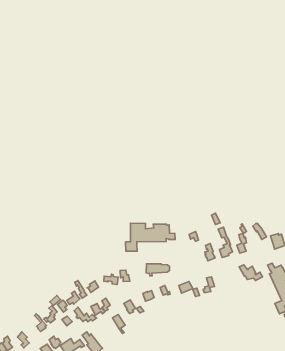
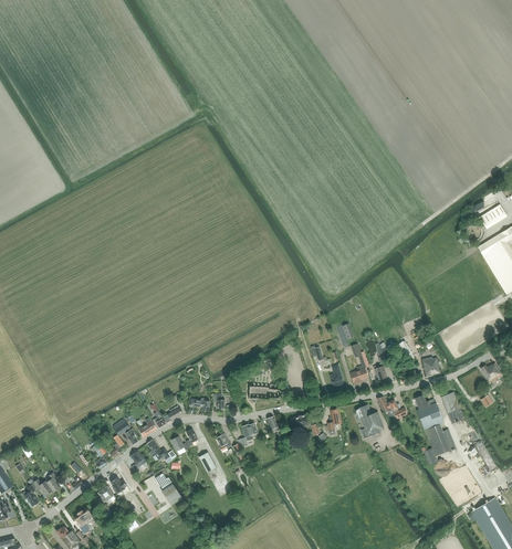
building: [125,223,175,251] -> none
building: none -> [356,404,383,436]

